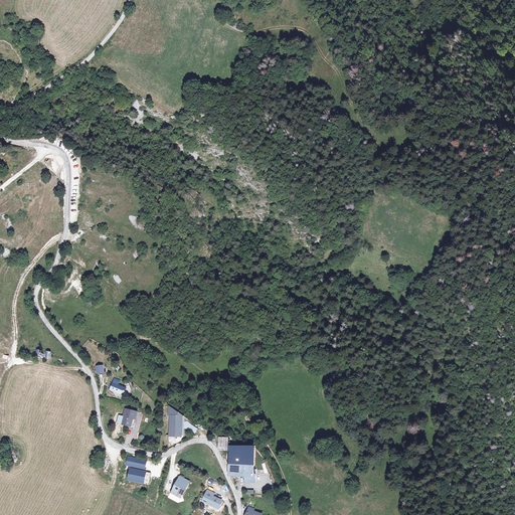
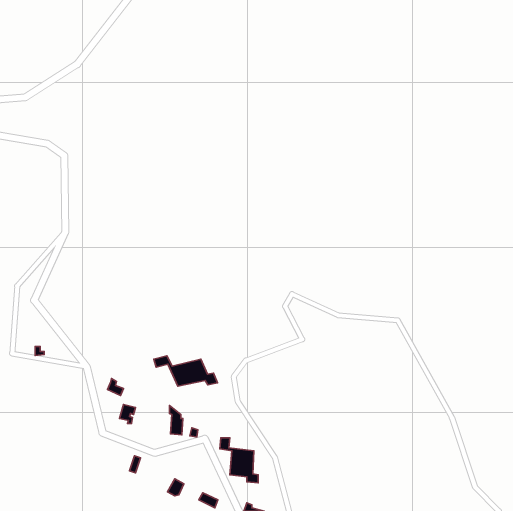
building: none -> [154,356,217,386]

